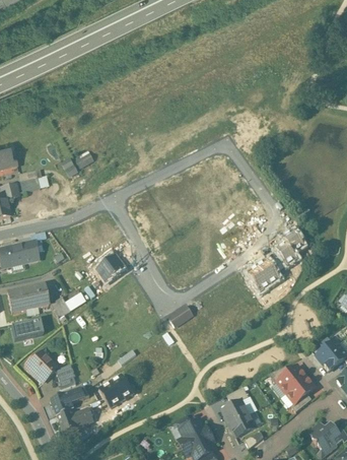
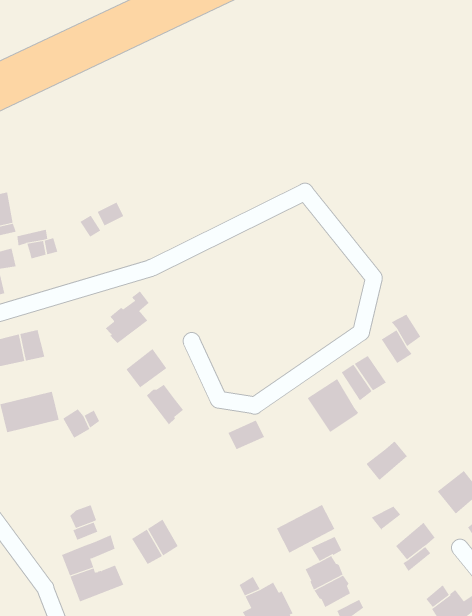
building: none -> [105,290,150,344]
building: none -> [307,378,359,433]
building: none -> [146,383,184,425]
building: [11,319,43,339] -> none
building: [25,354,57,381] -> none
building: none -> [276,504,335,553]
building: [277,365,306,393] -> [366,441,408,481]

